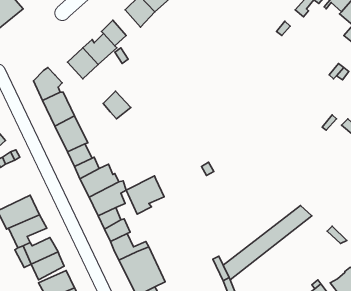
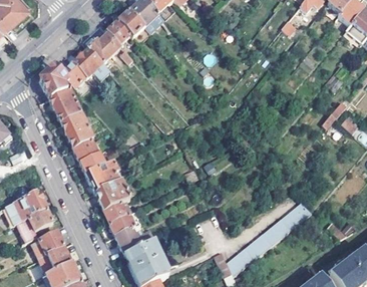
building: none -> [117,11,144,38]
building: [103,91,131,119] -> [61,62,88,89]
building: [126,176,164,214] -> none

